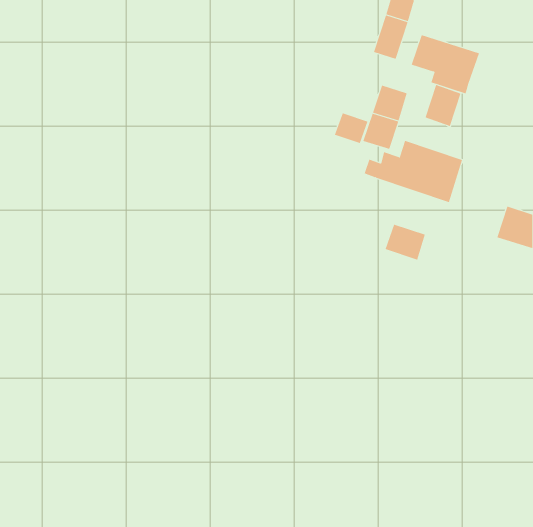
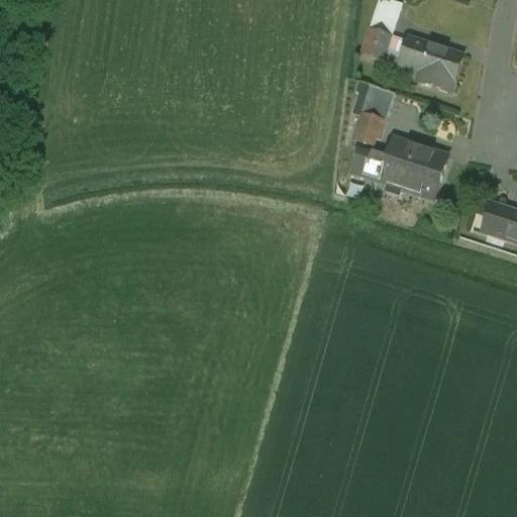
building: [425,84,461,127] -> none
building: [334,113,368,144] -> none
building: [385,224,425,260] -> none

